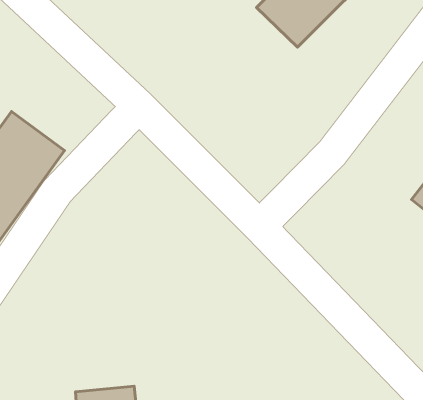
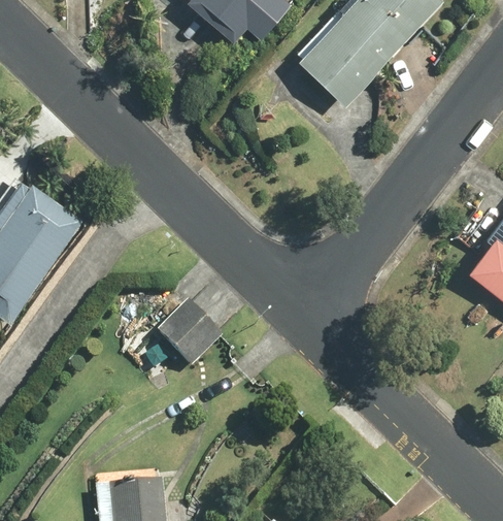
building: none -> [156,299,223,367]

